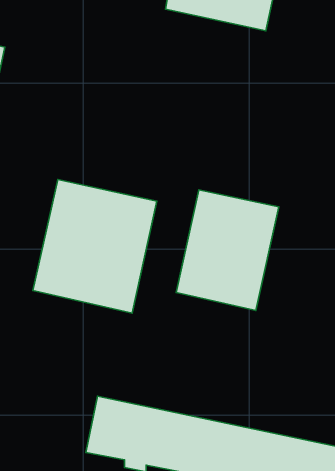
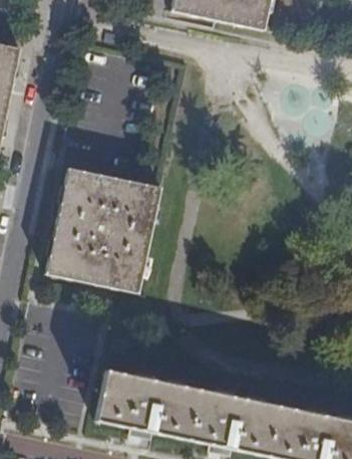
building: [176,190,279,310] -> none

